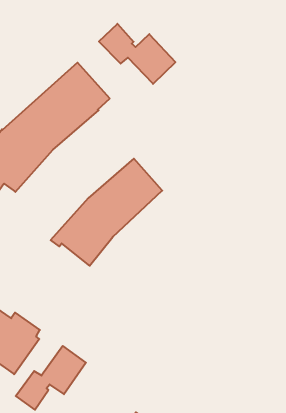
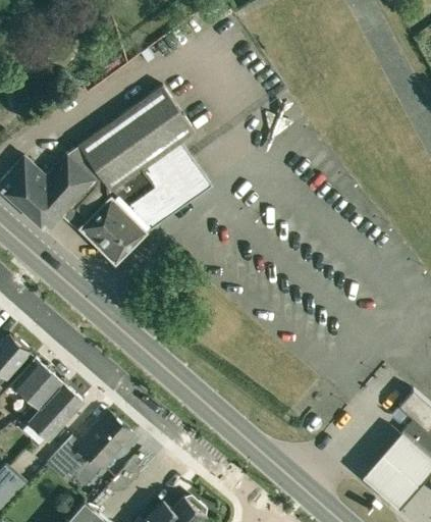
building: [99,24,175,84] -> none
building: [51,159,162,266] -> [74,146,210,264]

